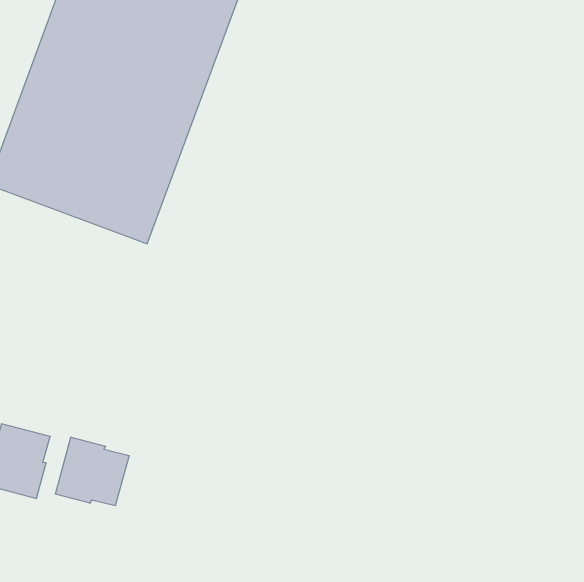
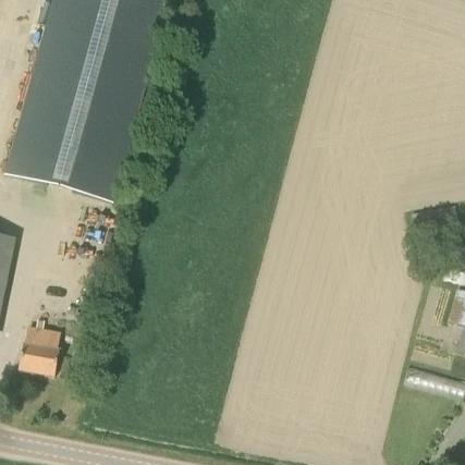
building: [56,437,129,506] -> none

